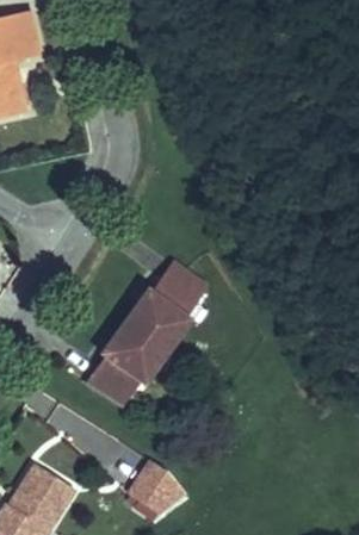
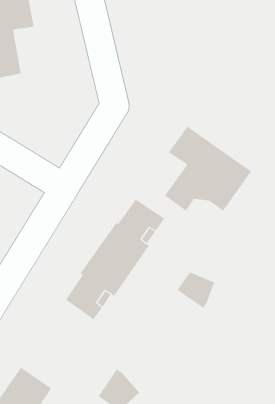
building: none -> [164,126,252,212]
building: none -> [177,272,215,309]

